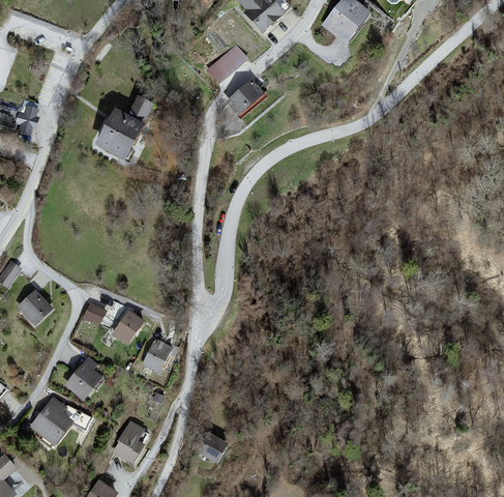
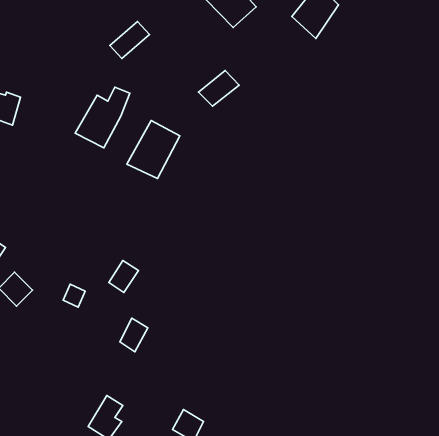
building: [207,45,248,83] -> [110,22,150,58]
building: none -> [127,121,180,179]
building: [113,312,144,345] -> [109,261,139,292]
building: [64,356,103,401] -> none
building: [29,396,72,447] -> none

